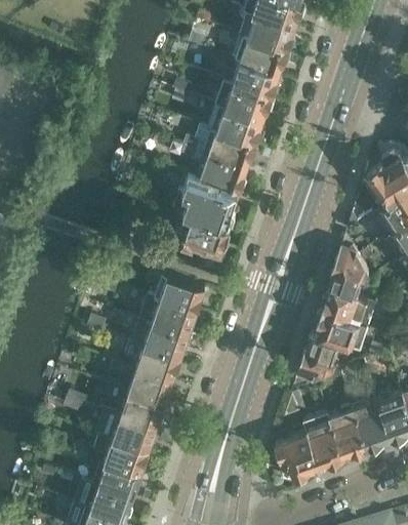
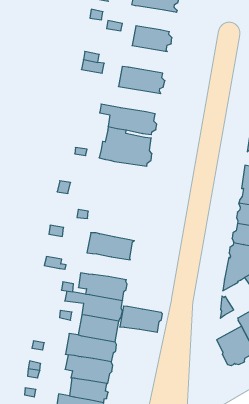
building: [236,37,290,74] -> none
building: [216,81,274,121] -> none
building: [185,126,257,167] -> none
building: [170,211,228,251] -> none
building: [155,274,205,312] -> none
building: [138,319,191,356] -> [120,306,162,332]

